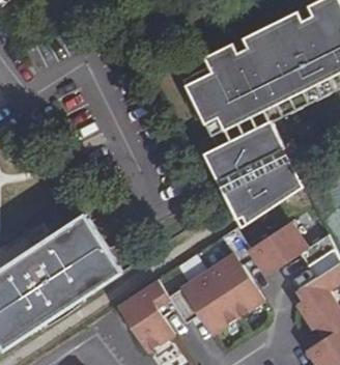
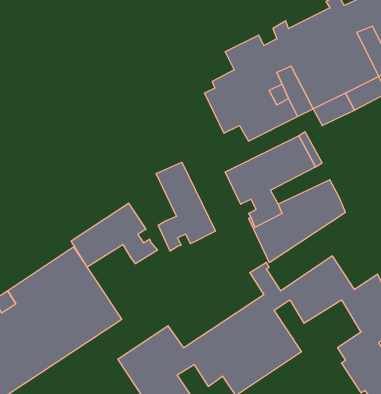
building: none -> [156,162,216,251]
building: none -> [71,203,157,267]

